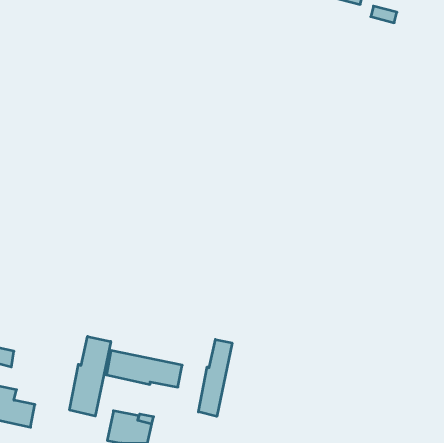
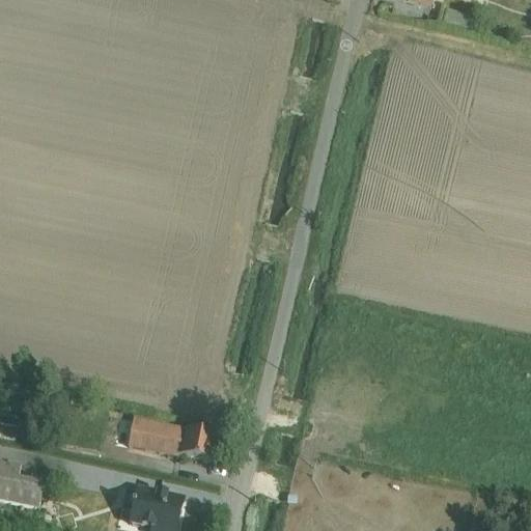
building: [70,336,111,416] -> none
building: [198,339,232,416] -> none

